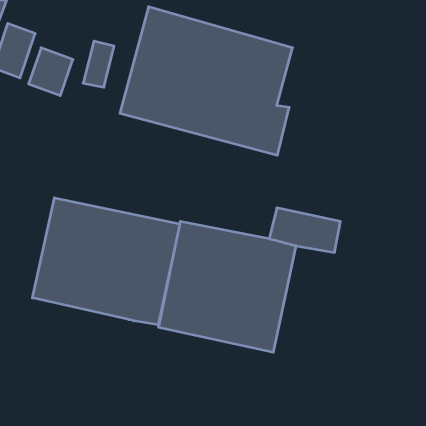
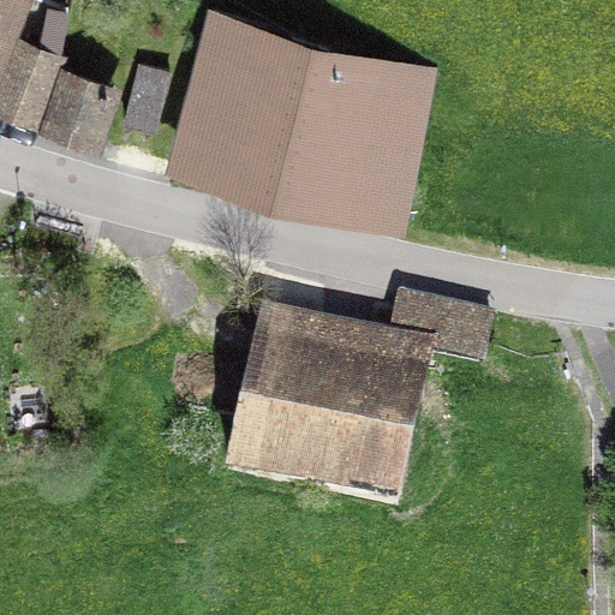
building: [32,198,180,325] -> none

